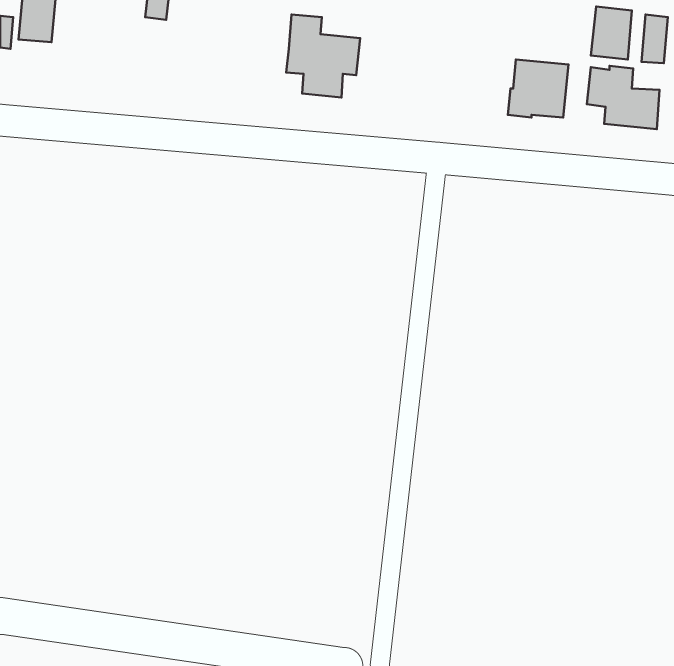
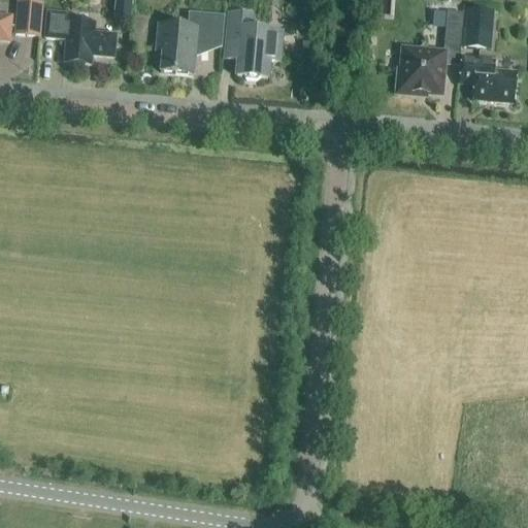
building: none -> [44,9,116,62]
building: none -> [156,9,212,71]
building: [642,14,668,63] -> [443,7,464,45]

